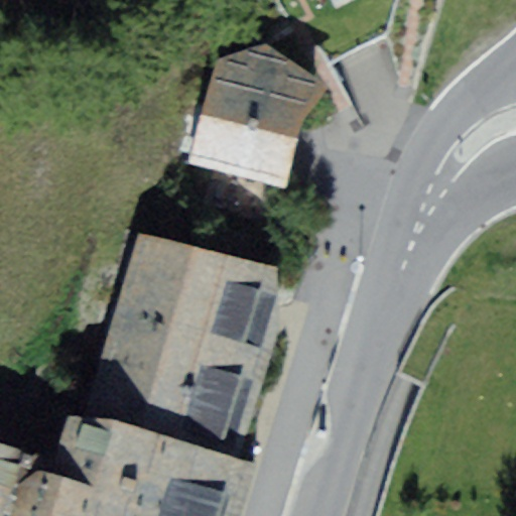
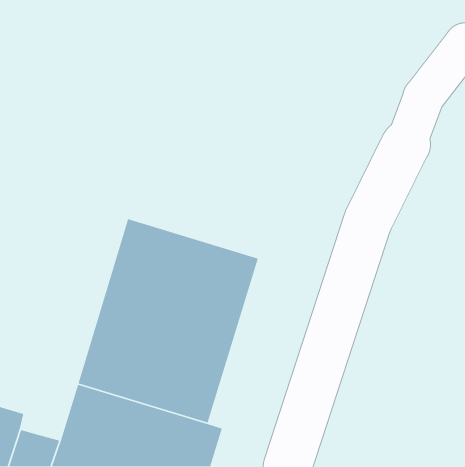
building: [187,48,308,186] -> none

